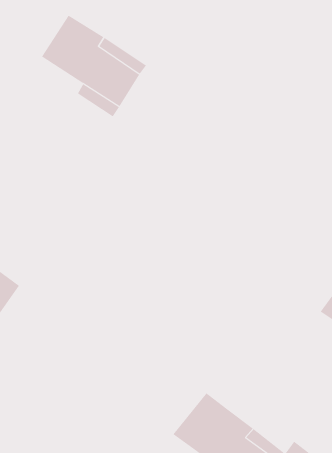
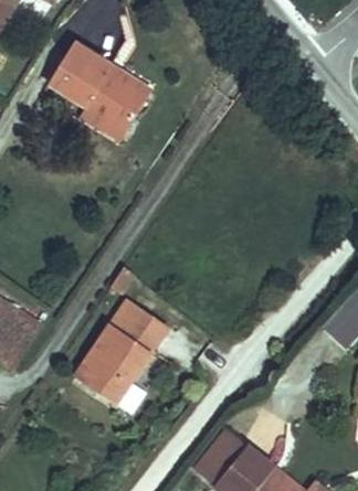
building: none -> [69,282,162,387]

